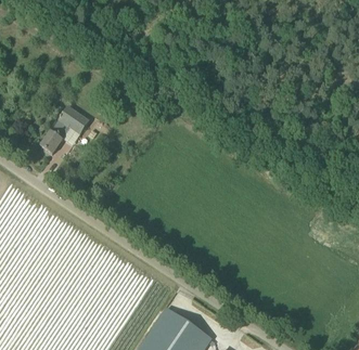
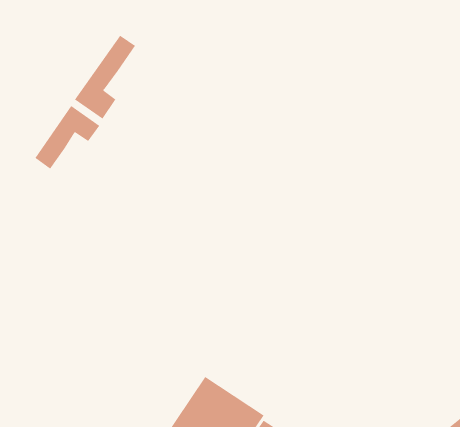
building: none -> [74,35,136,120]

